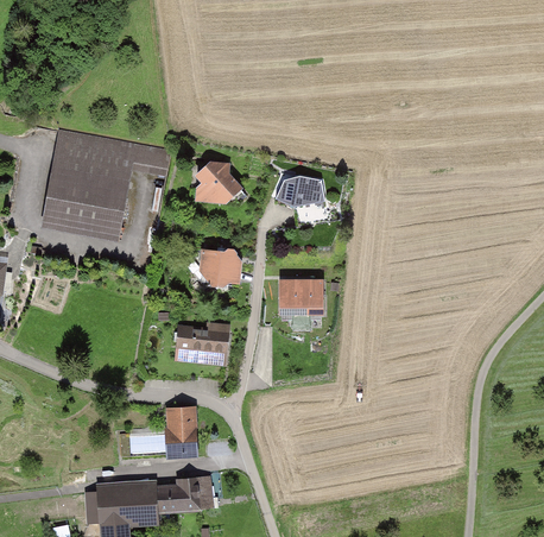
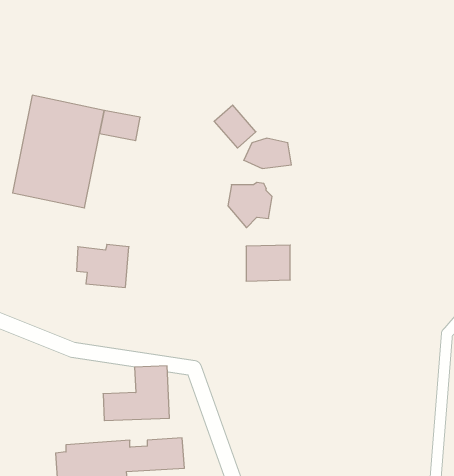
building: [194,160,236,204] -> [214,105,256,148]
building: [197,242,242,289] -> [228,182,272,228]
building: [176,320,229,364] -> [77,244,129,287]

